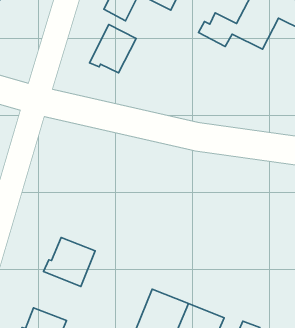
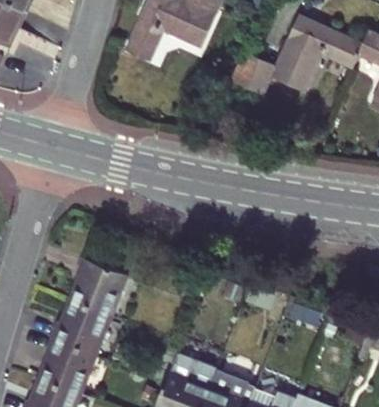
building: [90,24,136,73] -> none
building: none -> [77,259,131,316]
building: none -> [46,339,99,394]

